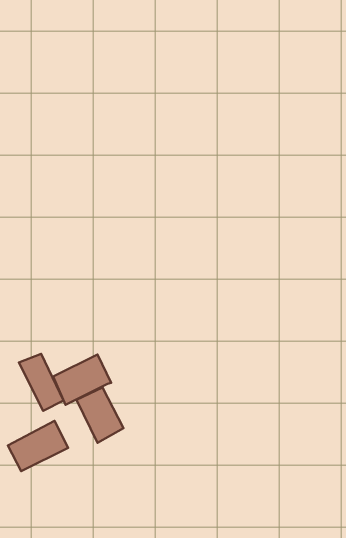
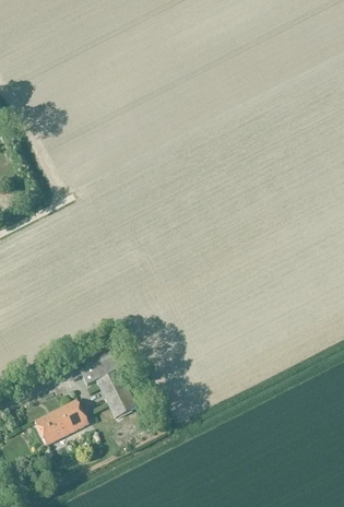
building: [19,354,64,411] -> none

